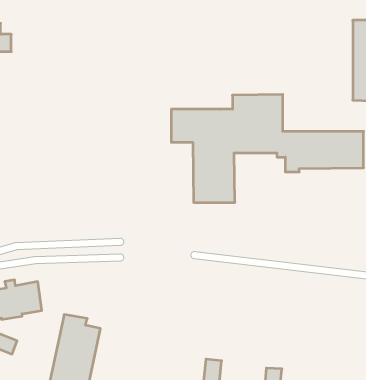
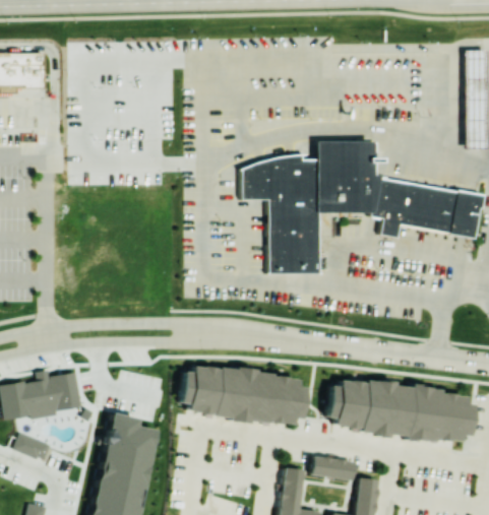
building: none -> [182,366,306,424]
building: none -> [330,380,474,441]
building: none -> [312,455,356,479]

